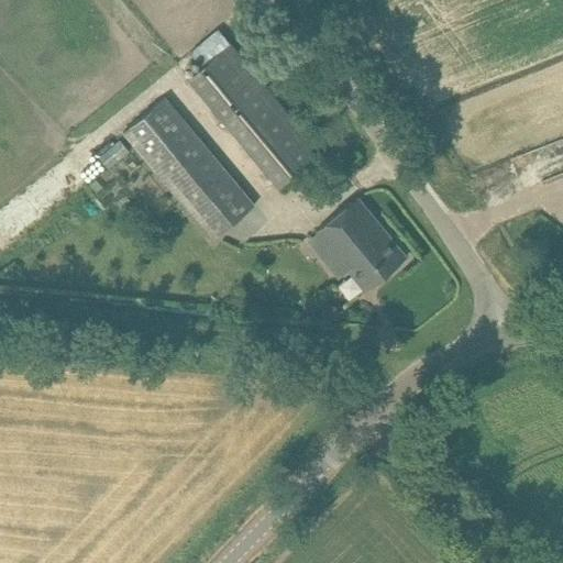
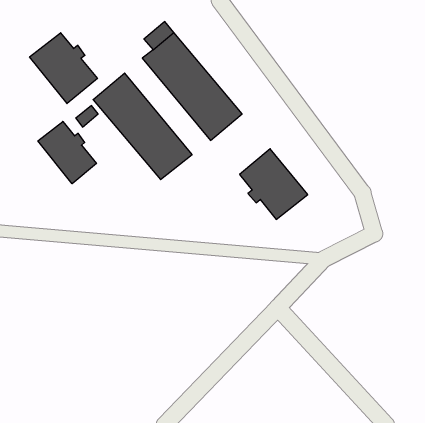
building: none -> [30,33,97,104]
building: none -> [38,121,96,184]

